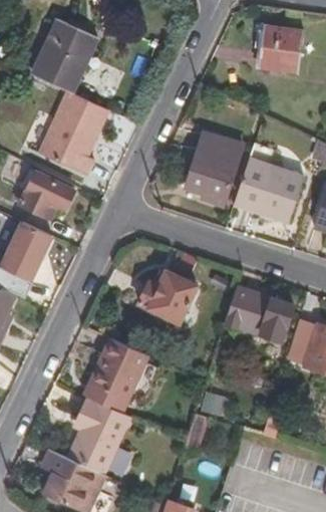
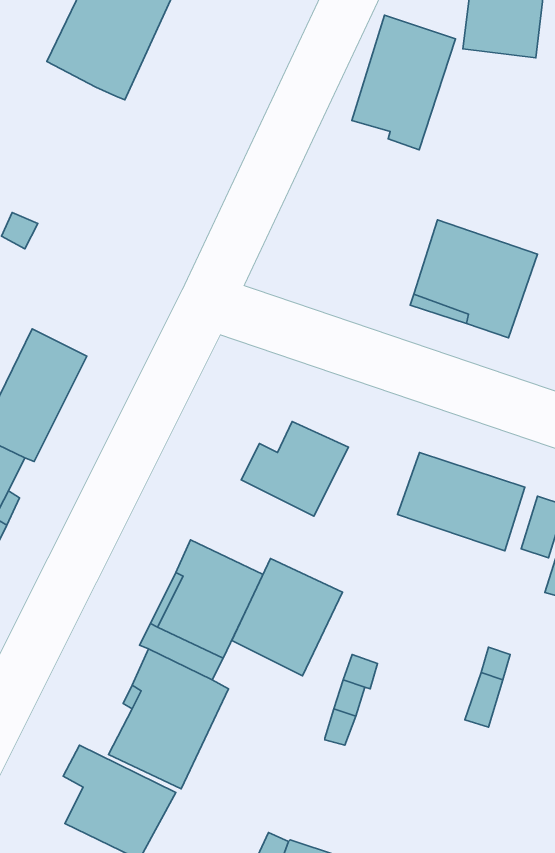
building: [41,91,109,175] -> none
building: [185,132,242,206] -> [352,15,456,150]
building: [13,171,73,215] -> none
building: none -> [232,558,342,676]

